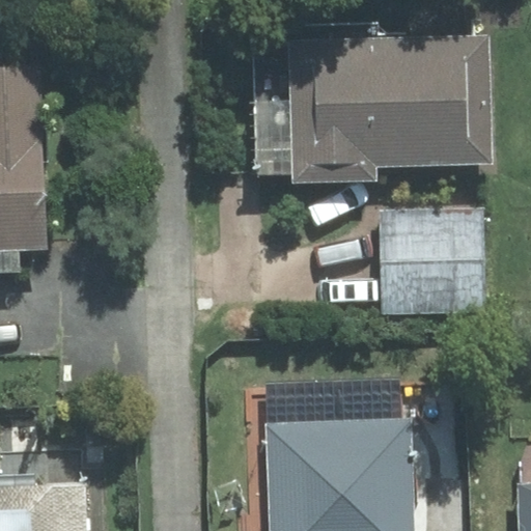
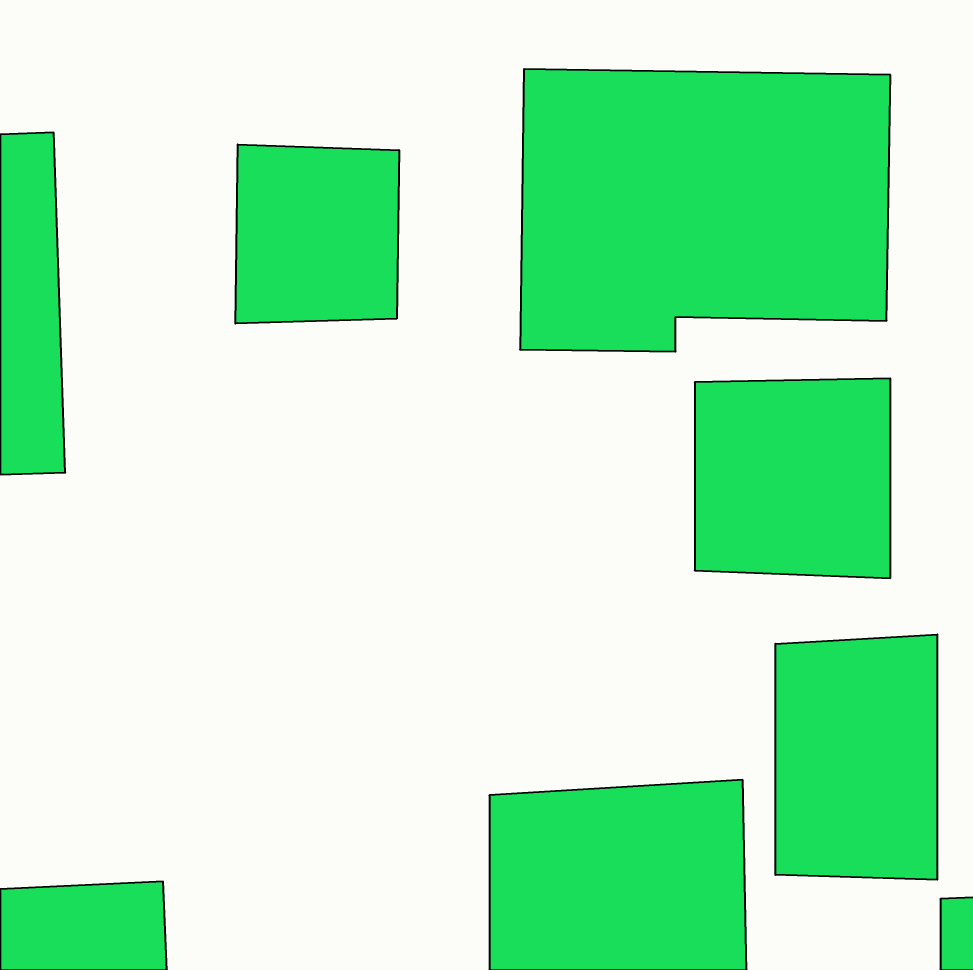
building: none -> [235,144,399,324]
building: none -> [775,634,937,880]

